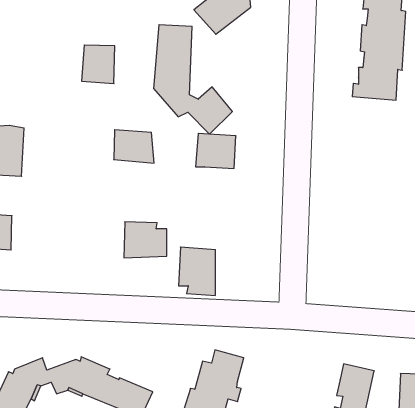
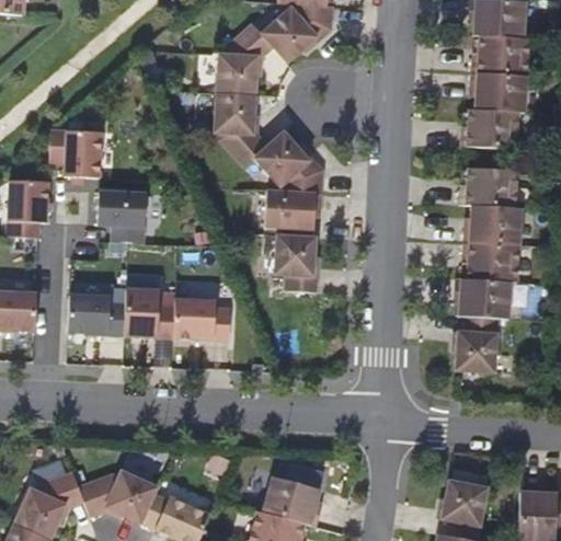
building: [82,45,115,84] -> [62,133,104,181]
building: none -> [456,166,520,371]
building: [114,130,154,163] -> [94,189,145,231]
building: none -> [68,281,124,339]
building: none -> [127,290,170,342]
building: [179,247,215,295] -> [273,231,319,291]

